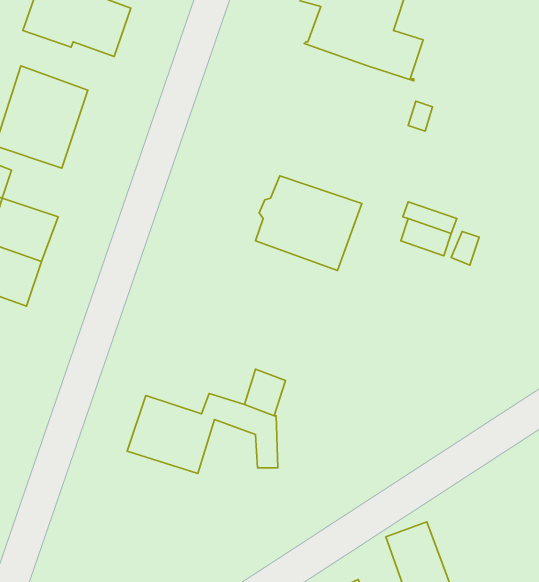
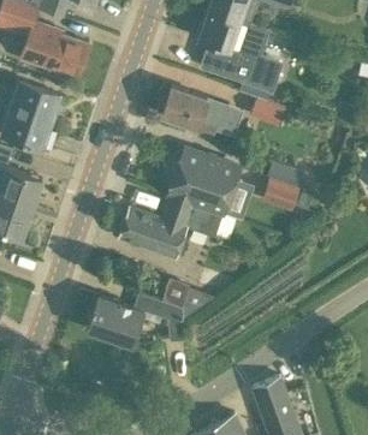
building: none -> [160,87,233,139]
building: none -> [118,195,222,257]

